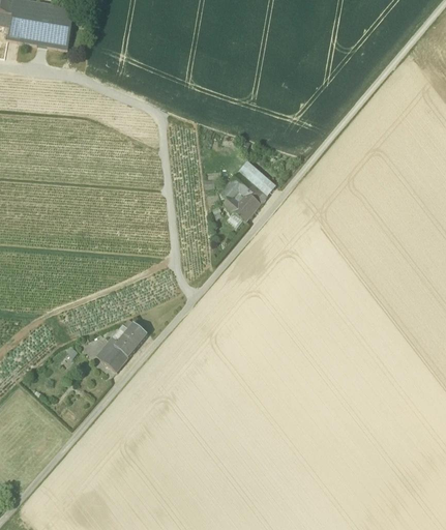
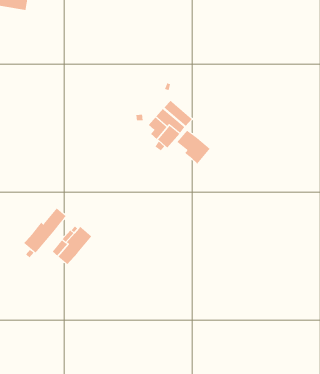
building: none -> [177,130,210,164]
building: none -> [23,208,66,253]

